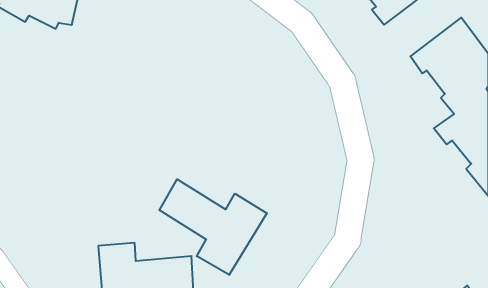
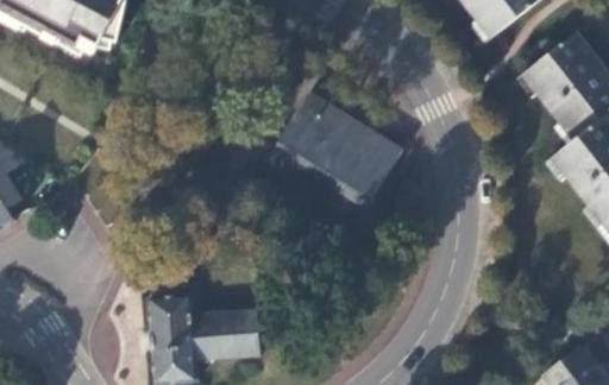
building: none -> [282,84,407,195]
building: [159,179,267,275] -> none

